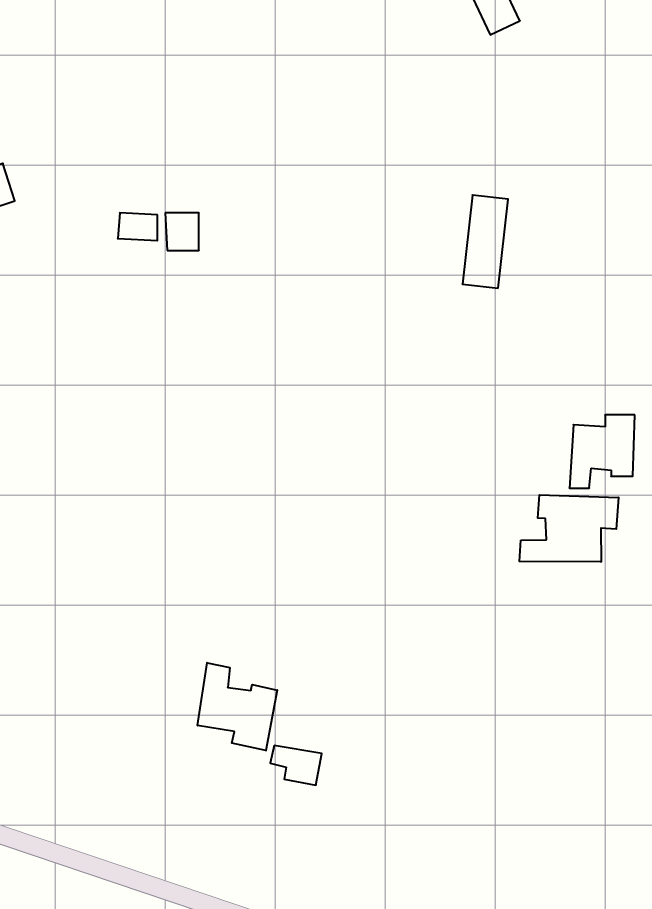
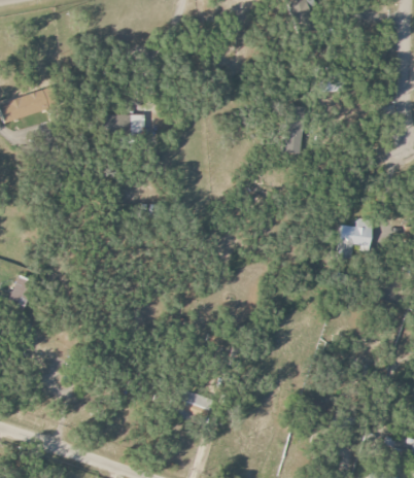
building: [519,495,619,562] -> none
building: [198,663,277,751] -> none

